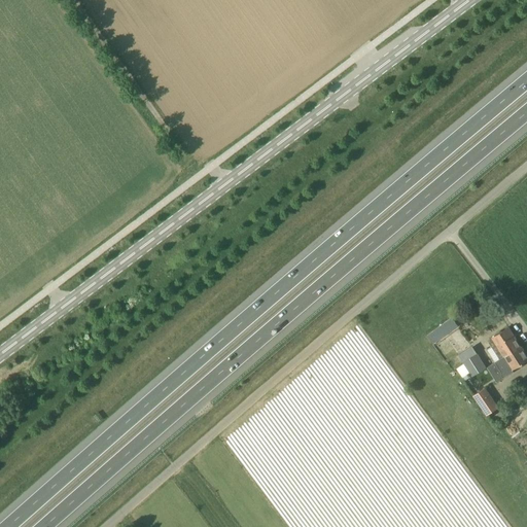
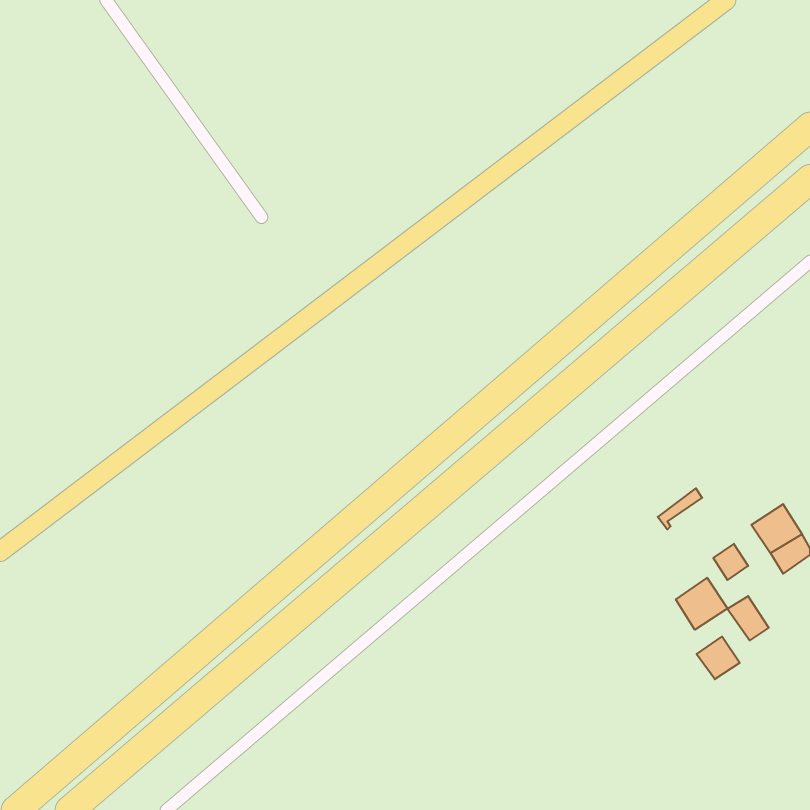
building: none -> [676,578,728,630]
building: none -> [697,637,740,679]

